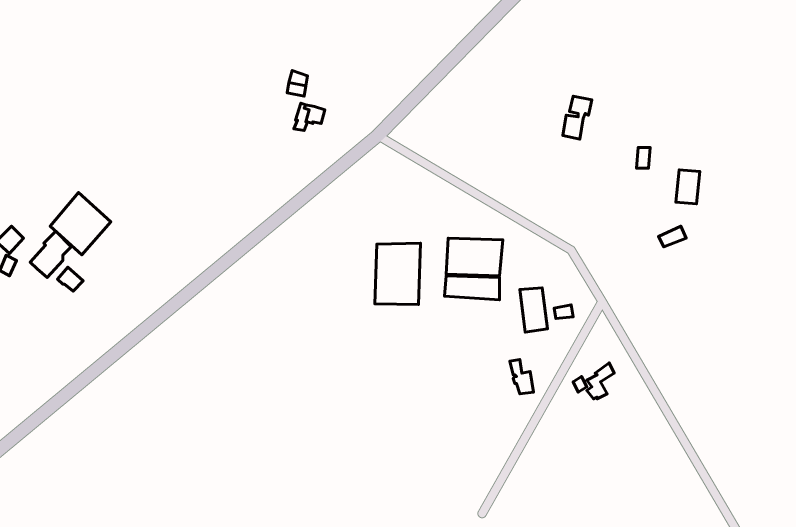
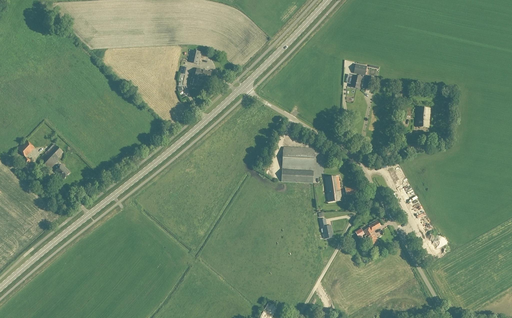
building: [50,192,111,255] -> none
building: [375,243,420,305] -> none

